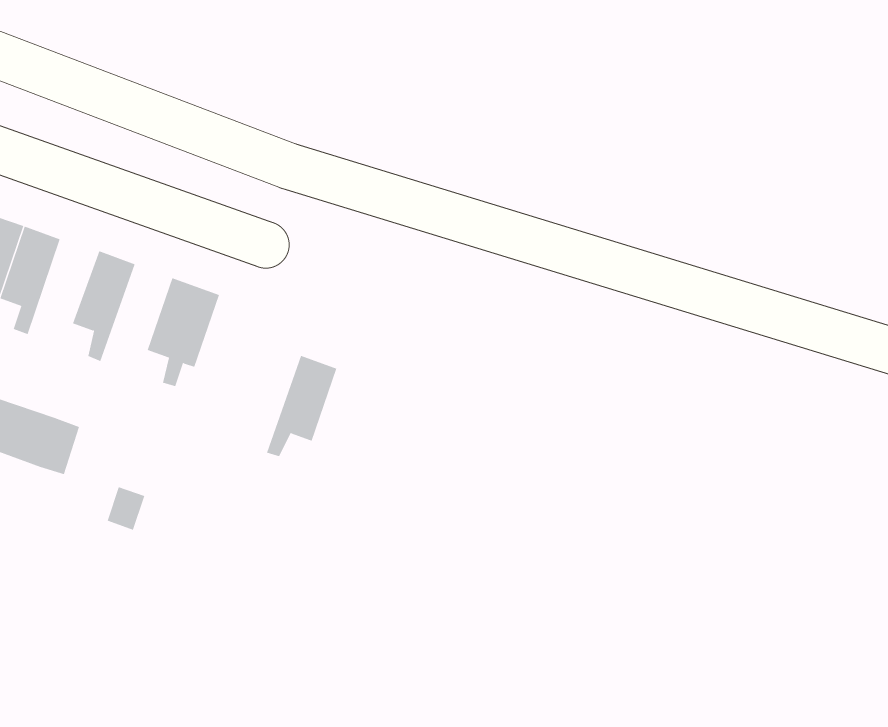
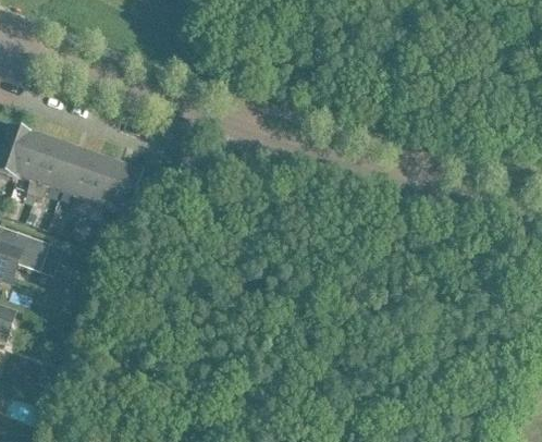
building: none -> [32,138,72,196]
building: [266,355,337,457] -> [73,152,113,210]

